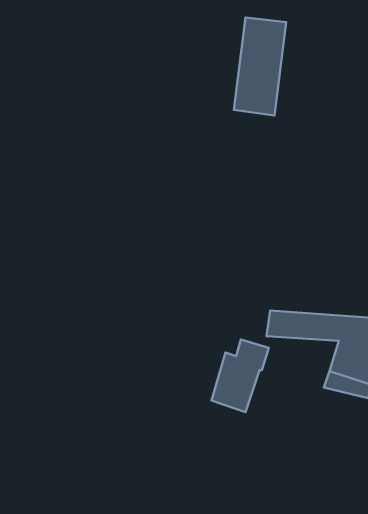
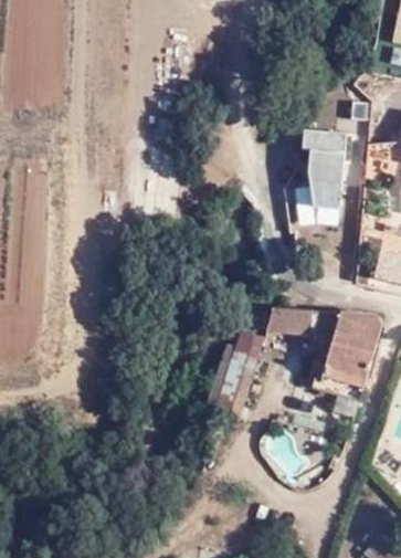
building: [234,17,286,116] -> [298,133,348,225]

